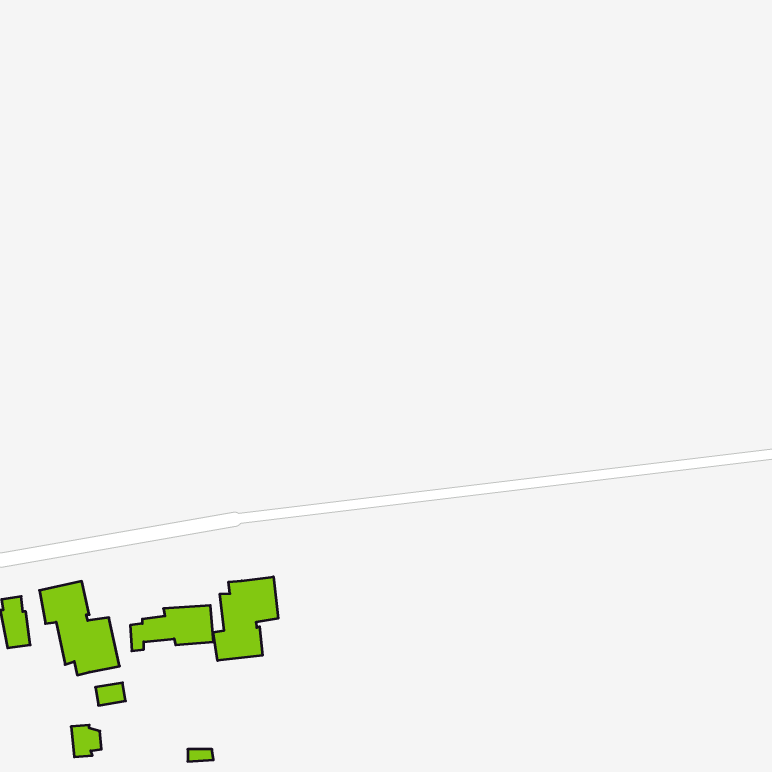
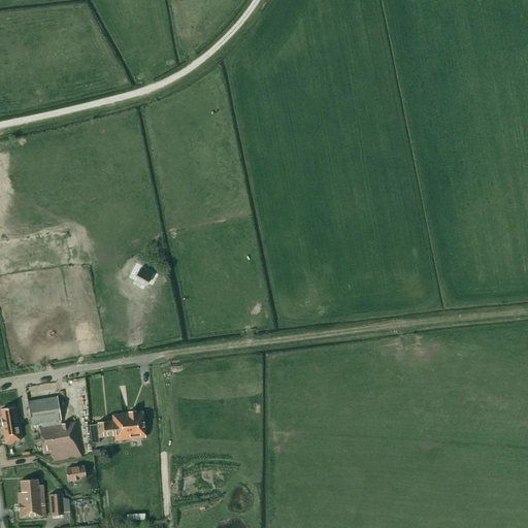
building: [213,577,278,661] -> none
building: none -> [18,480,45,519]

